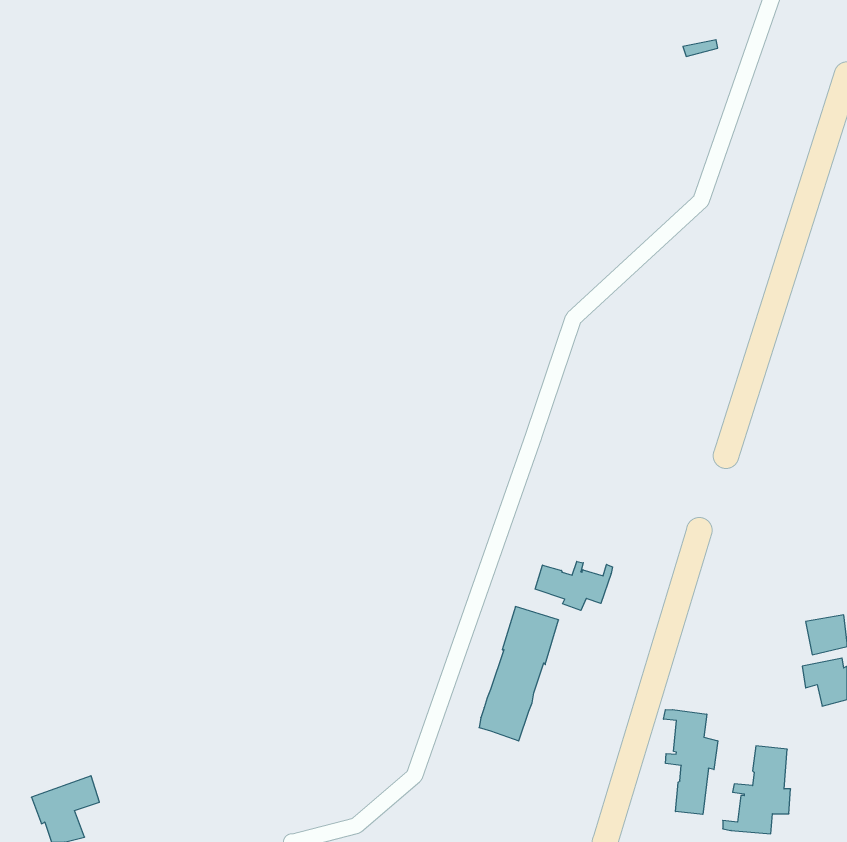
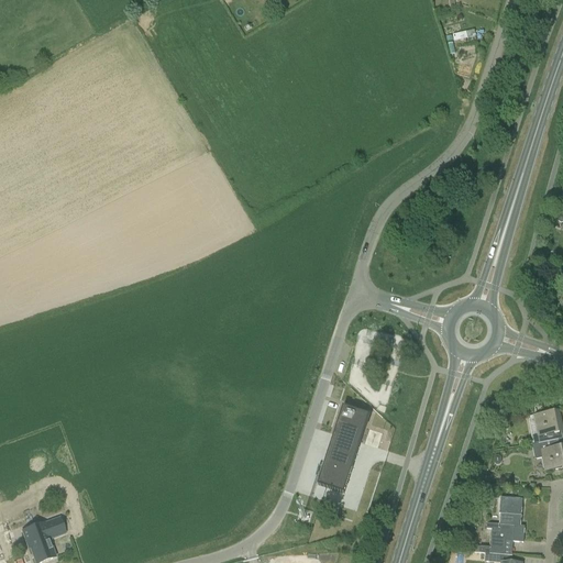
building: [535,561,612,610] -> none
building: [664,710,718,814] -> none

